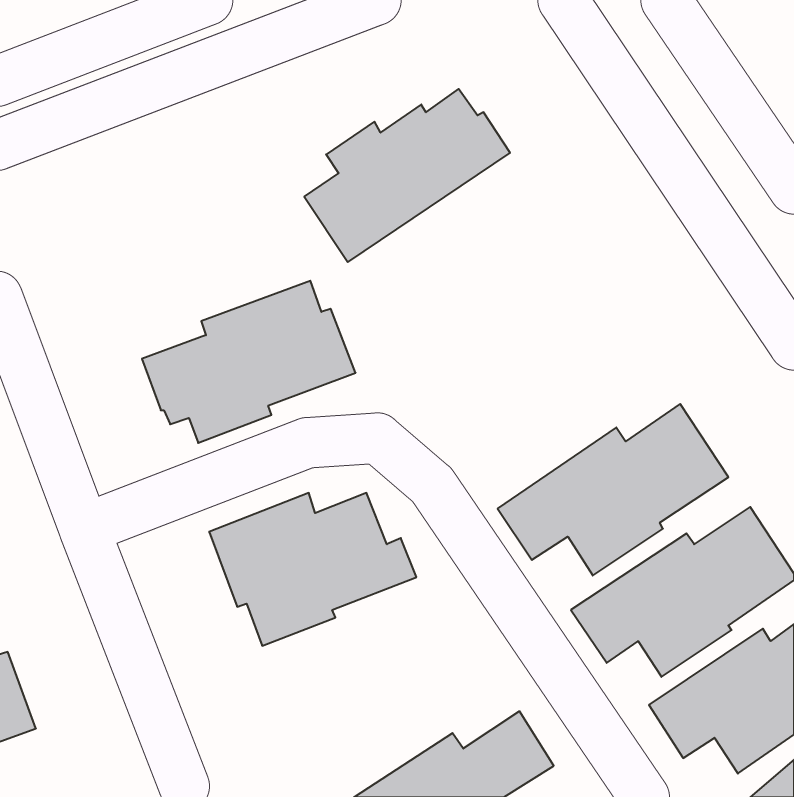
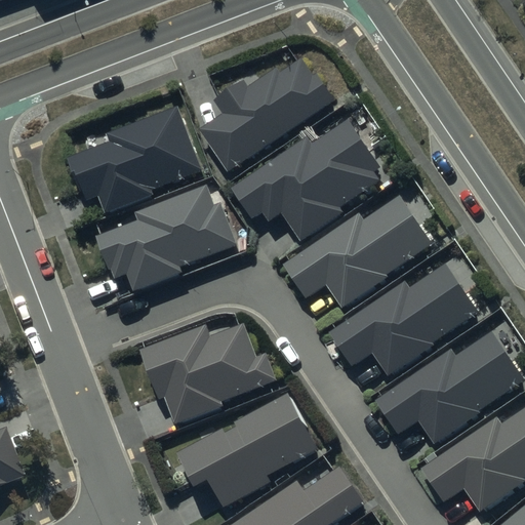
building: none -> [71,108,201,213]
building: none -> [232,121,380,241]
building: none -> [284,196,432,309]
building: none -> [178,394,319,509]

